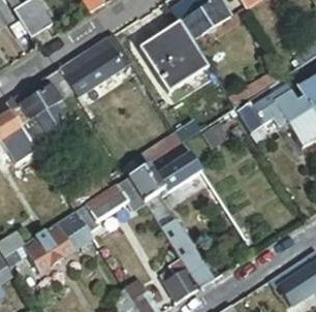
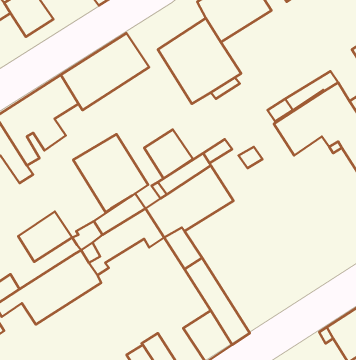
building: none -> [144,130,193,178]
building: none -> [73,134,148,212]
building: none -> [18,212,72,262]

